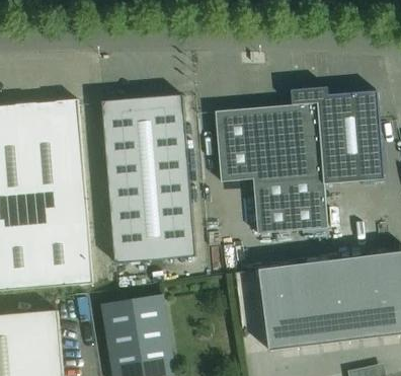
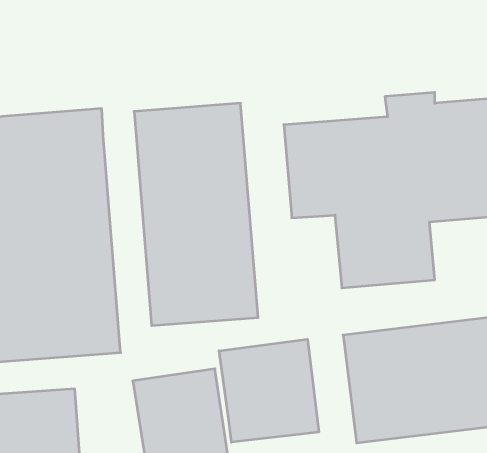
building: none -> [219,339,319,442]

